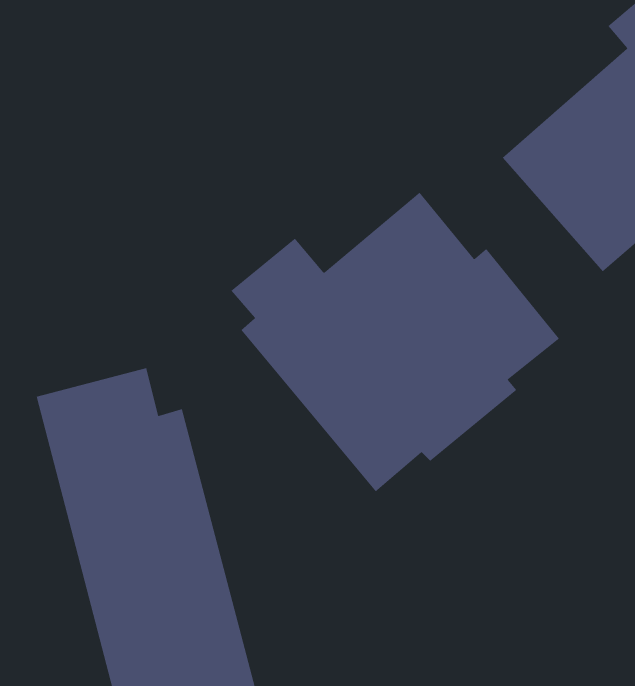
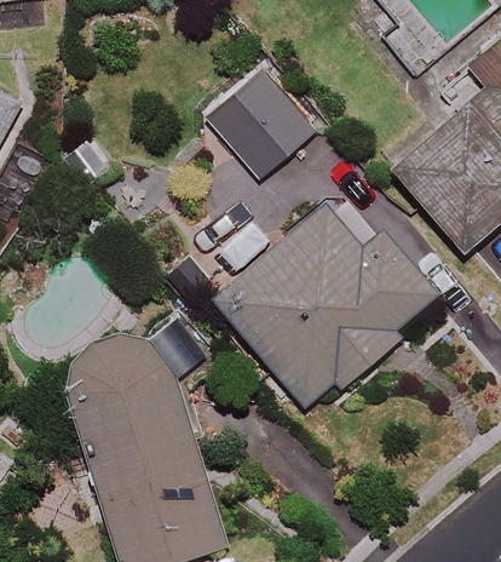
building: none -> [211,73,315,179]

